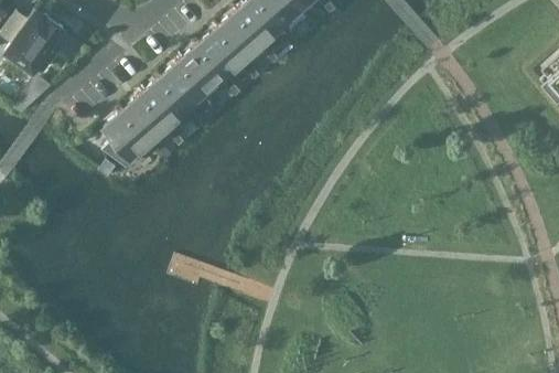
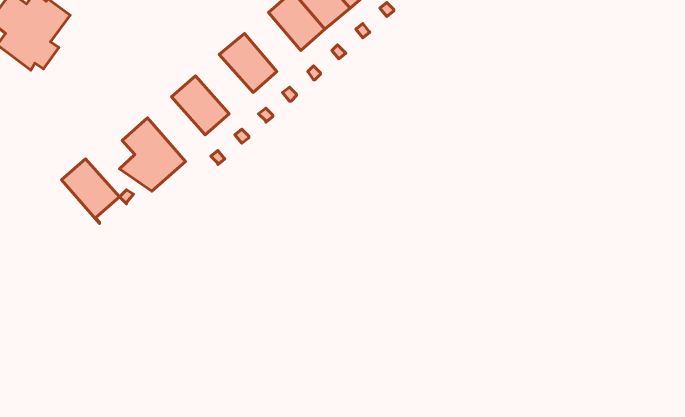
building: [201,29,245,75] -> none
building: [162,62,207,108] -> none
building: [125,95,170,146] -> [62,159,119,224]

